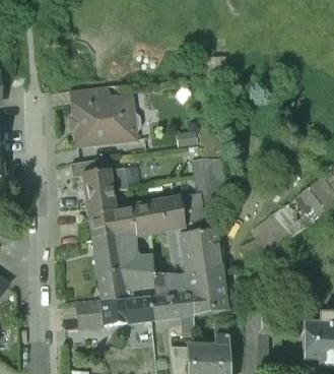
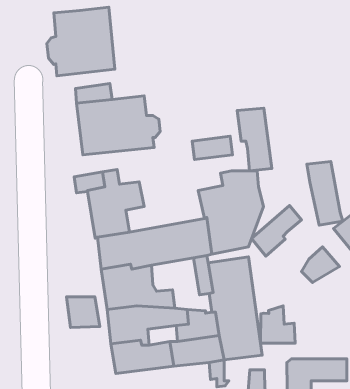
building: none -> [47,7,115,76]
building: none -> [237,108,272,171]
building: none -> [307,162,343,225]
building: none -> [252,205,302,256]
building: none -> [261,306,295,343]
building: [78,301,106,326] -> [67,297,100,328]

